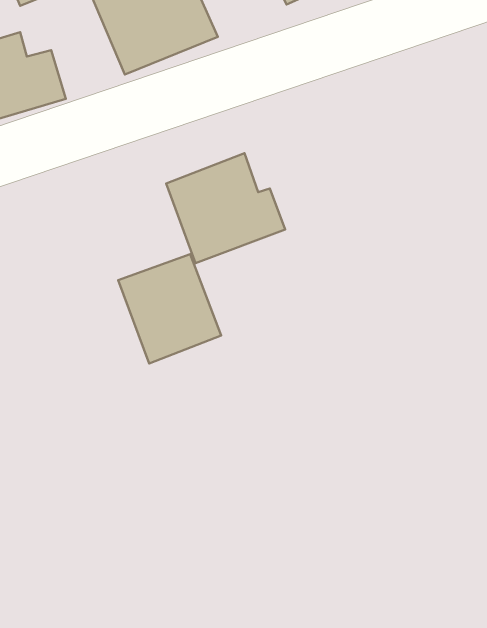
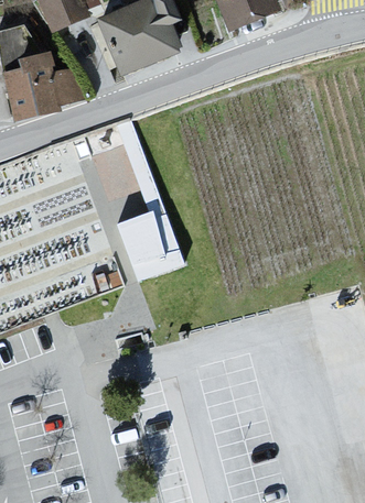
building: [166,153,285,263] -> none

